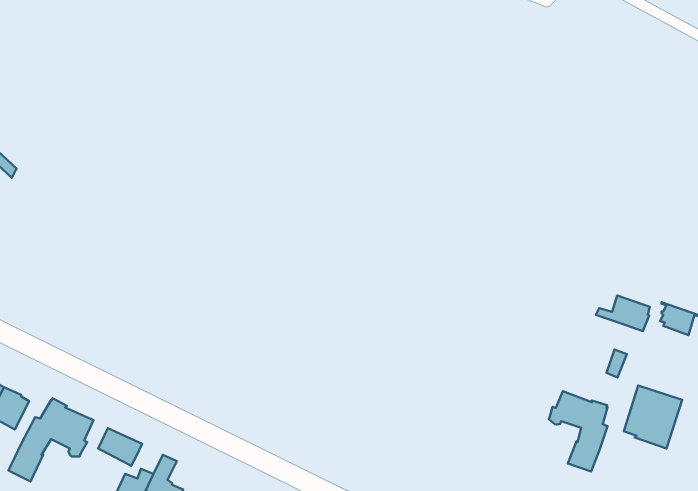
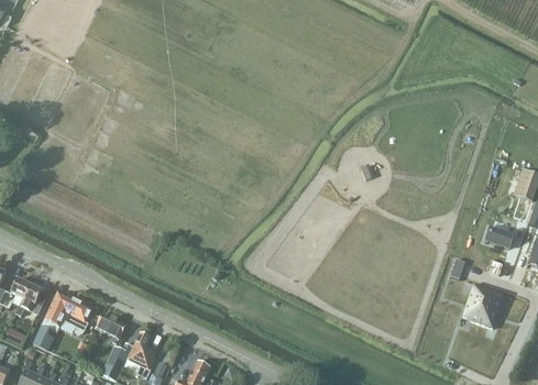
building: [596,295,650,331] -> none
building: [549,391,607,471] -> none

